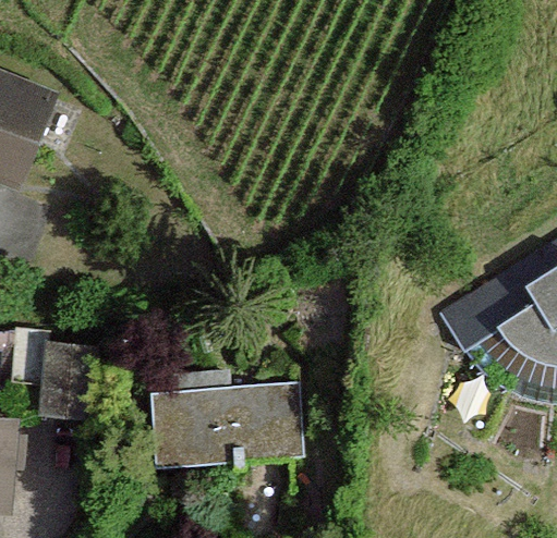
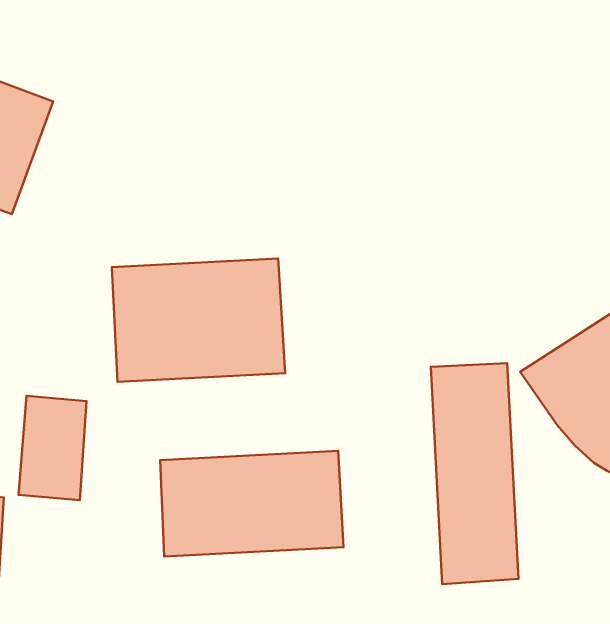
building: none -> [112,259,285,382]
building: none -> [431,363,518,584]

